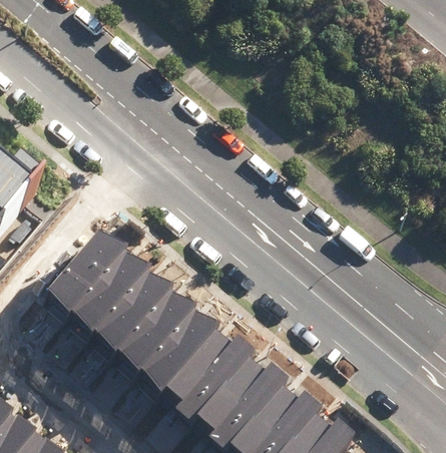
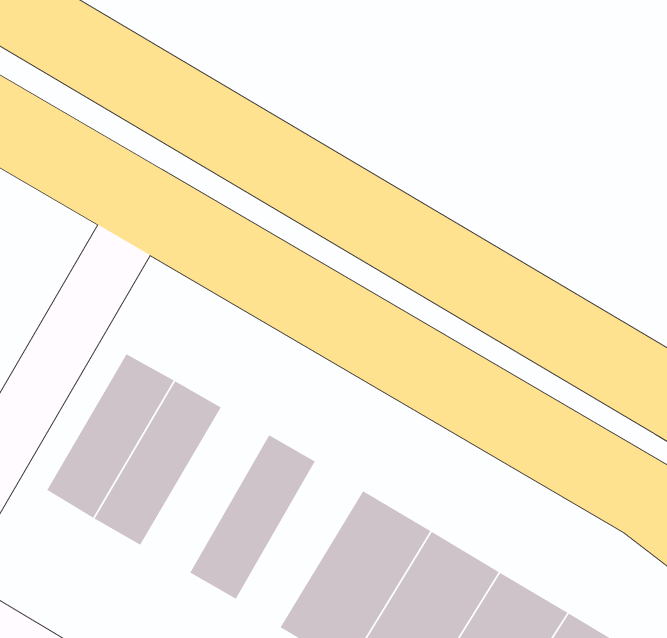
building: [99,272,175,355] -> none
building: [144,308,219,391] -> none

